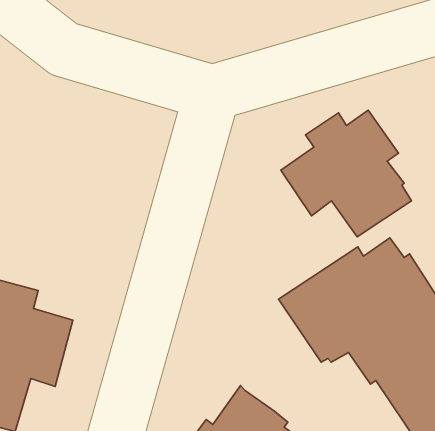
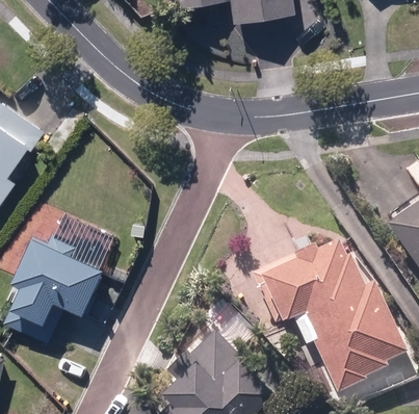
building: [281,110,412,237] -> none

